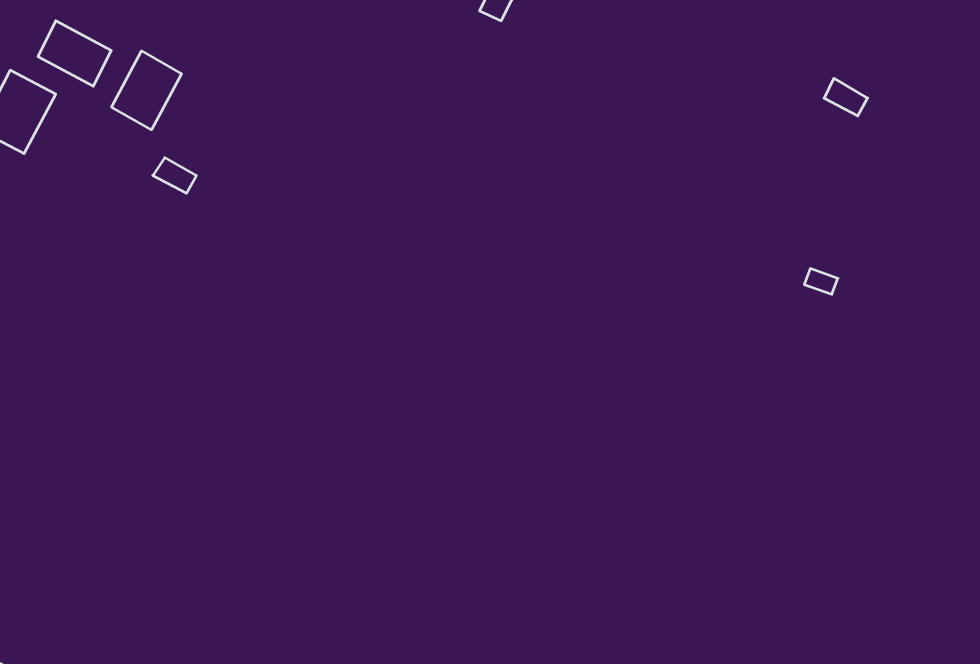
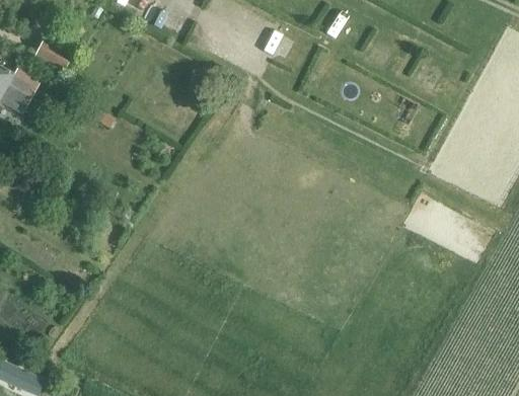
building: [112,51,181,130] -> none

